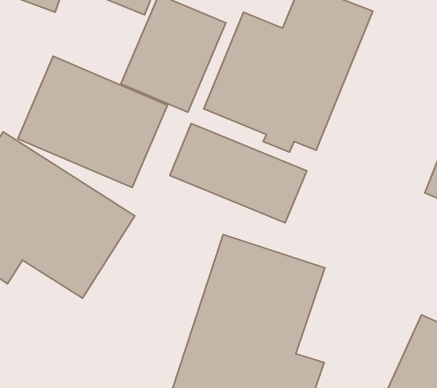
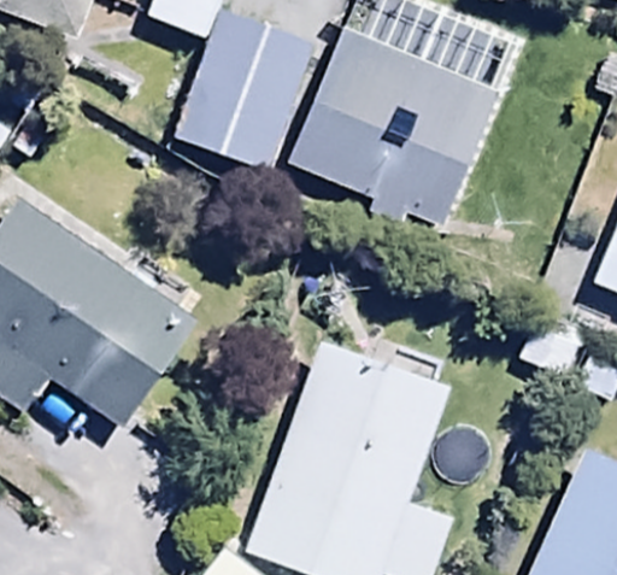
building: [18,56,168,187] -> none
building: [170,124,307,223] -> none

